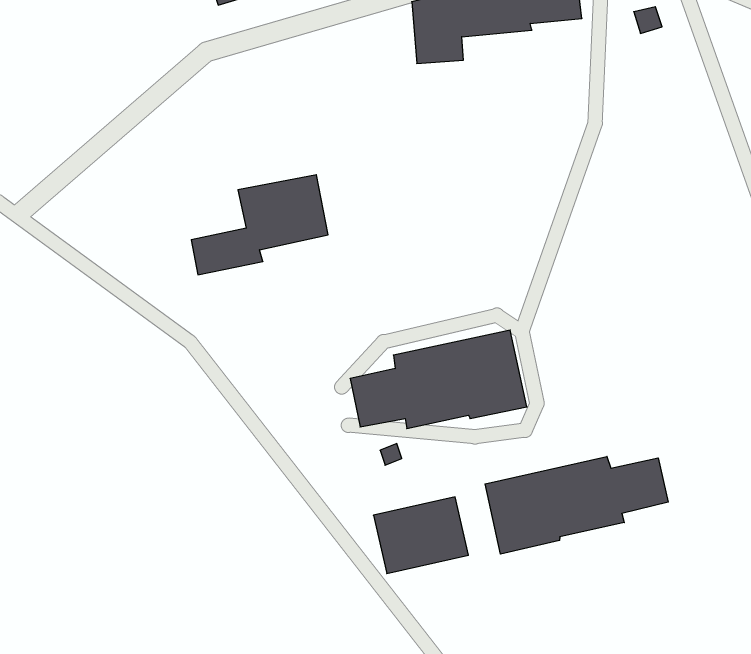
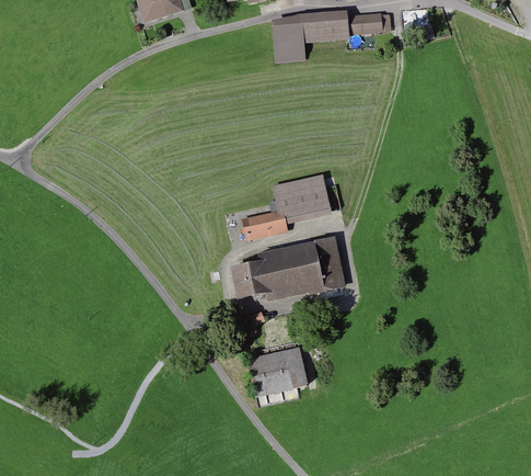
building: [191,175,328,275] -> [242,174,332,240]
building: [485,456,668,554] -> none

